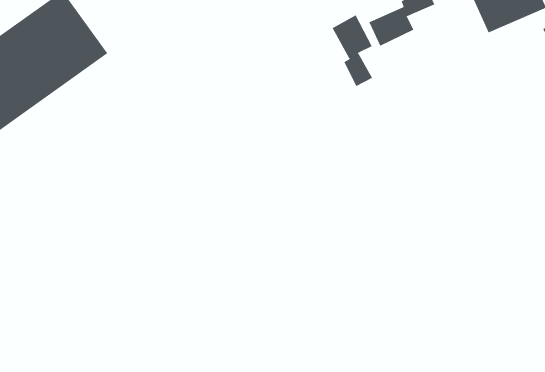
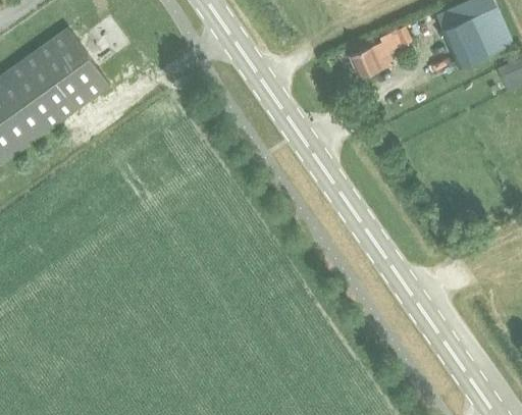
building: [332,14,373,87] -> none

